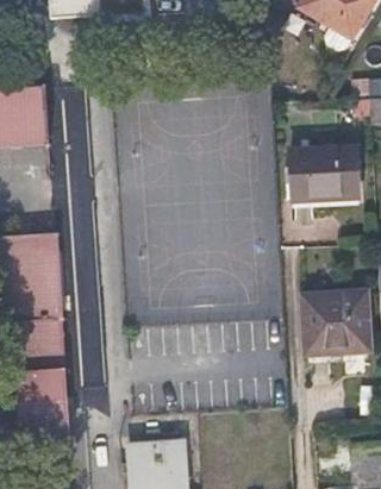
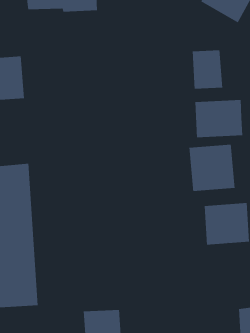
building: none -> [192,49,223,90]
building: none -> [189,144,235,192]

